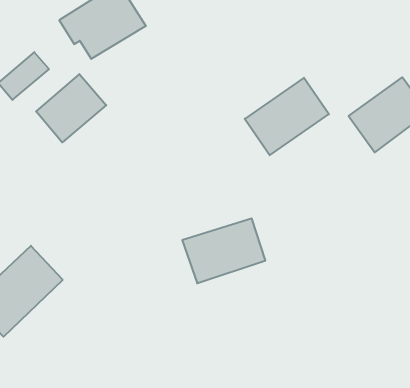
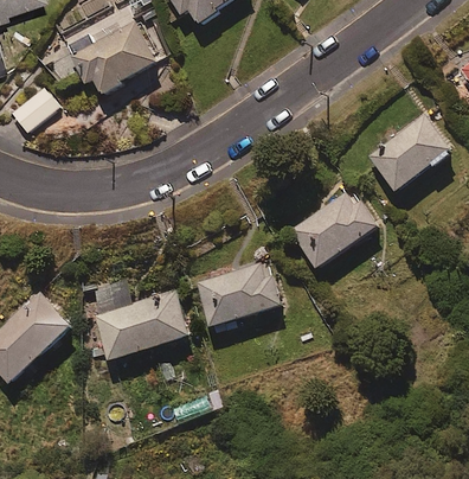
building: [36,74,106,142] -> none
building: [245,78,329,155] -> [291,190,379,270]
building: none -> [92,279,191,363]

